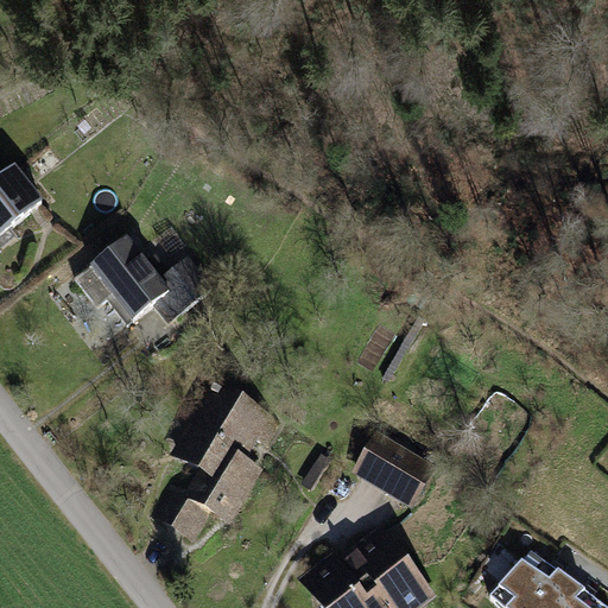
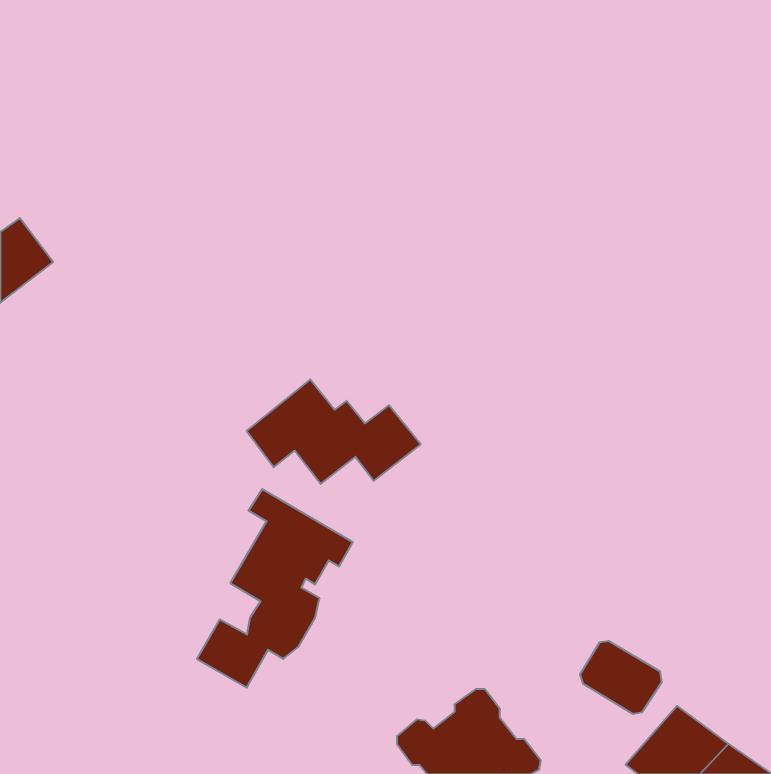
building: [78,241,215,323] -> [247,379,421,484]
building: [363,442,428,499] -> [580,641,662,714]

